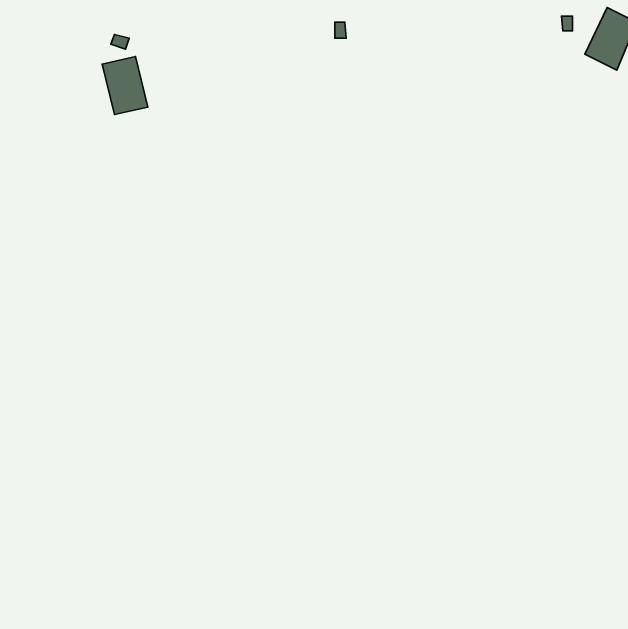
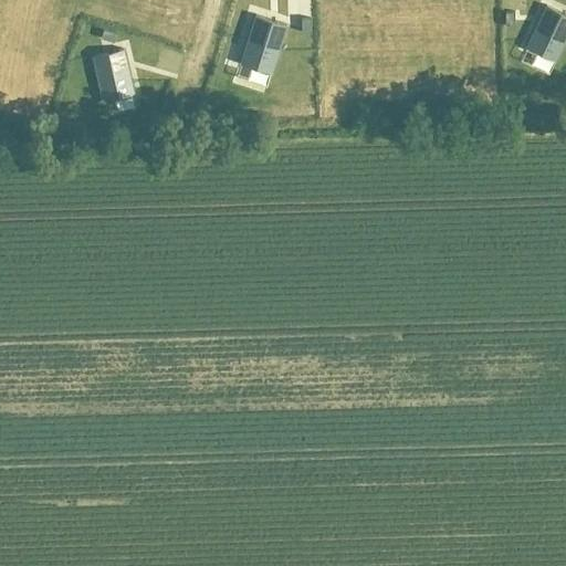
building: none -> [241,17,286,75]

